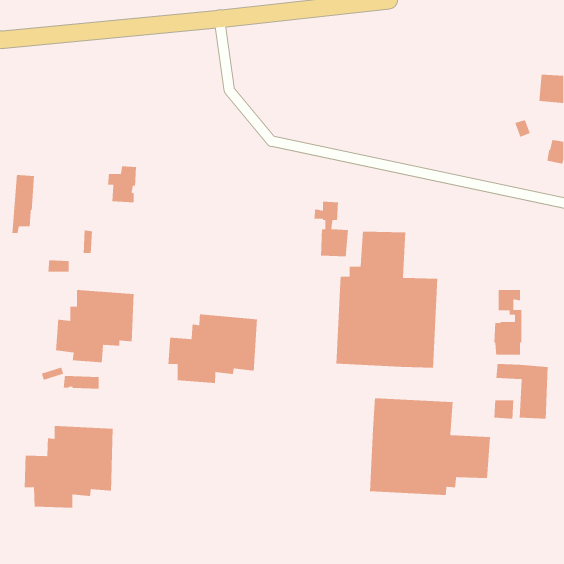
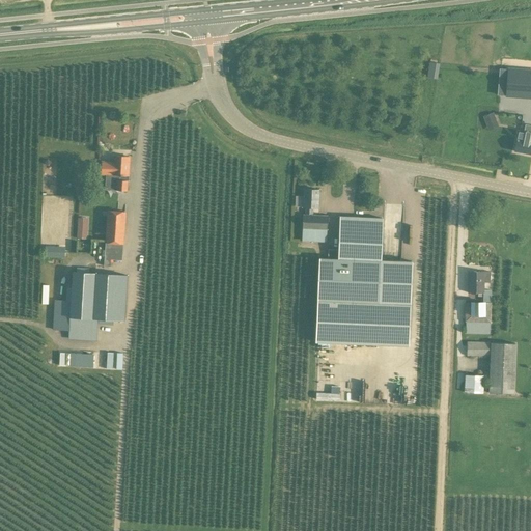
building: [12,174,35,234] -> [104,211,125,267]
building: [167,313,258,384] -> none
building: [369,398,491,496] -> none
building: [24,425,113,508] -> none

